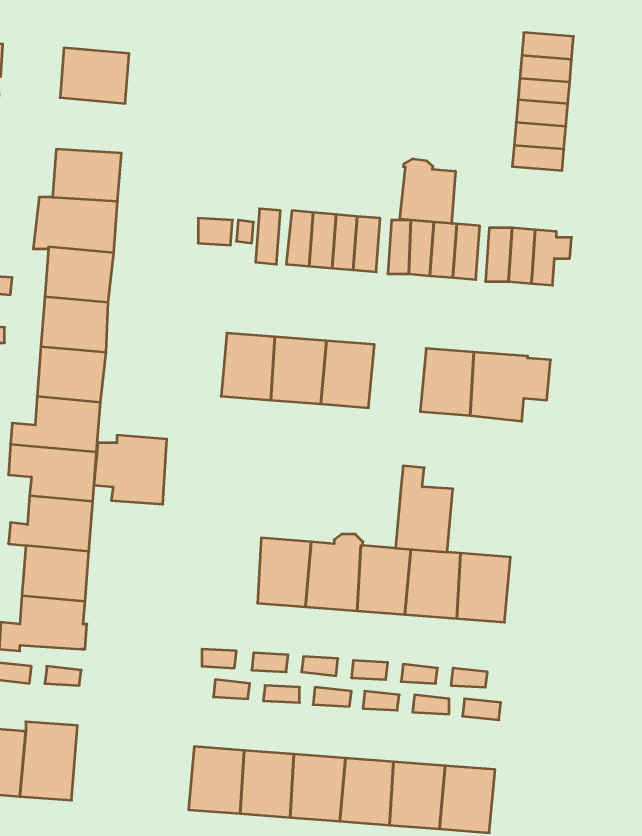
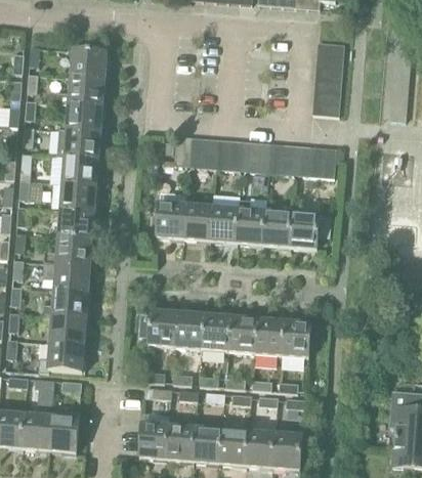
building: none -> [55,77,104,106]
building: [400,159,455,224] -> none
building: [94,435,167,504] -> [138,310,177,347]
building: [395,466,453,552] -> [235,199,265,245]

